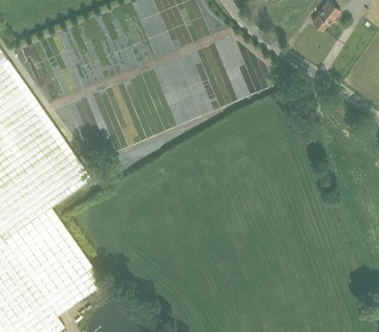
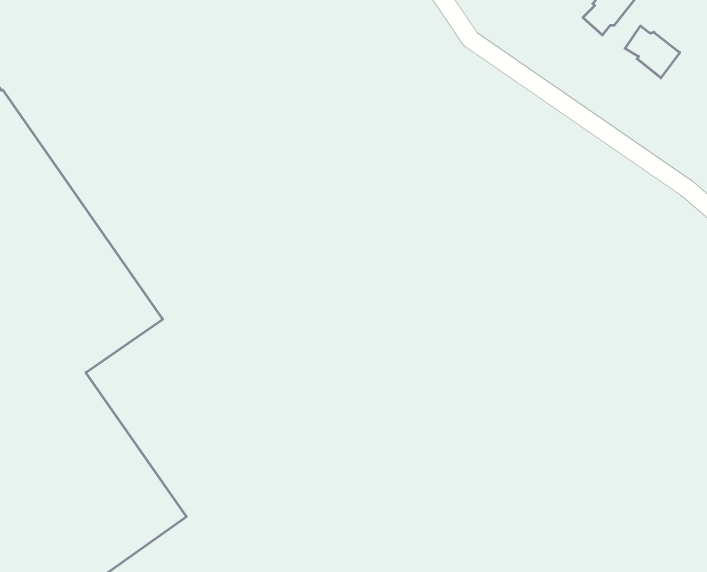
building: none -> [625,26,680,78]

